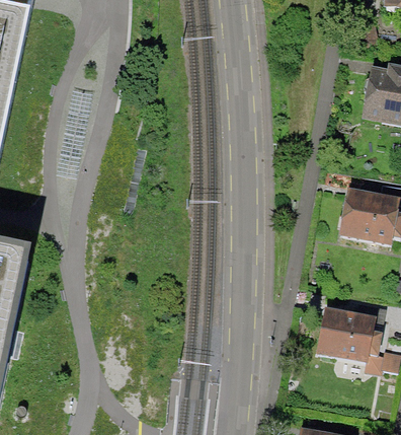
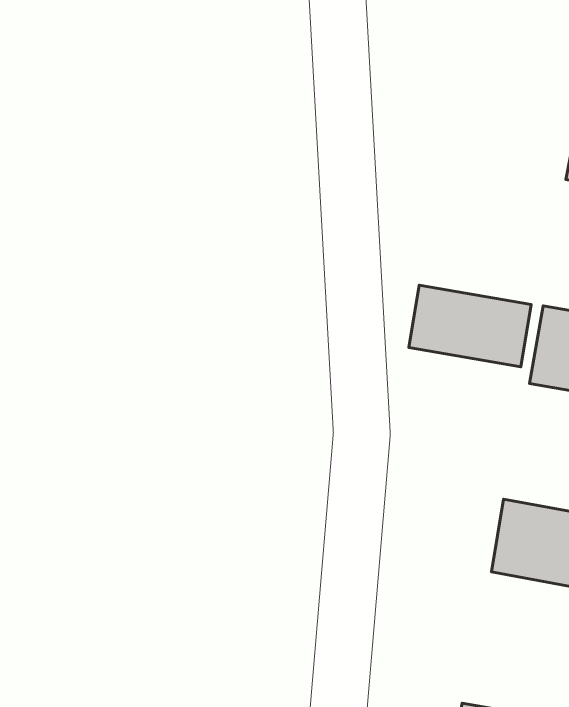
building: none -> [409,285,531,367]

